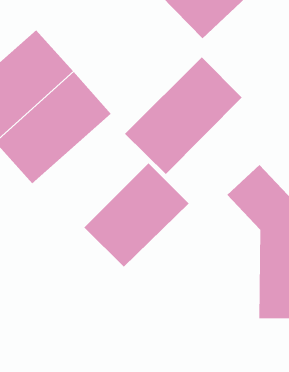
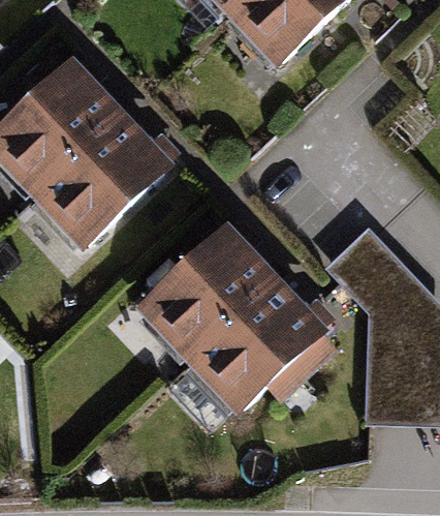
building: [124,57,243,175] -> none
building: none -> [191,277,327,413]

